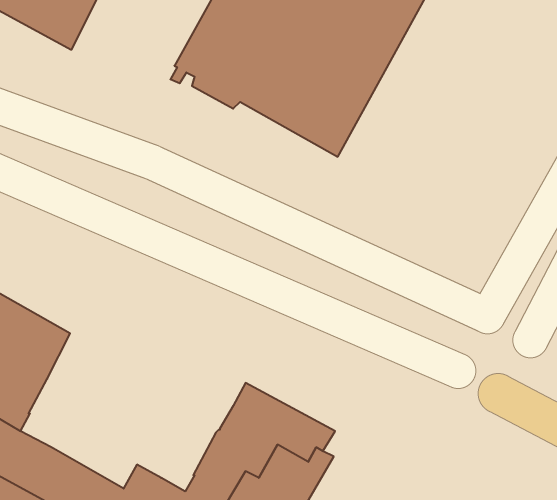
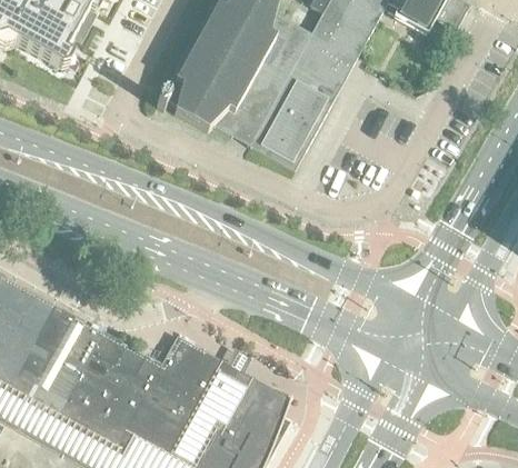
building: none -> [40,321,216,449]

